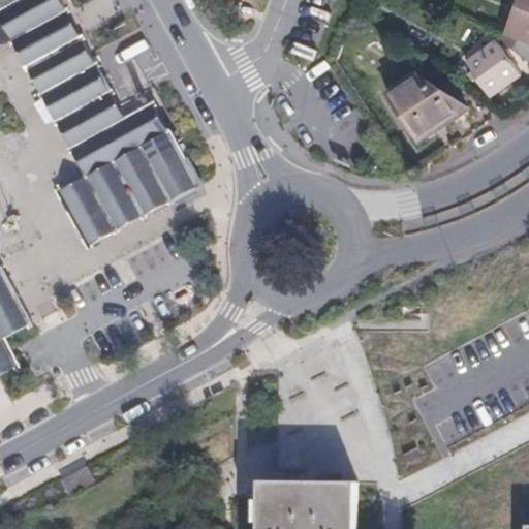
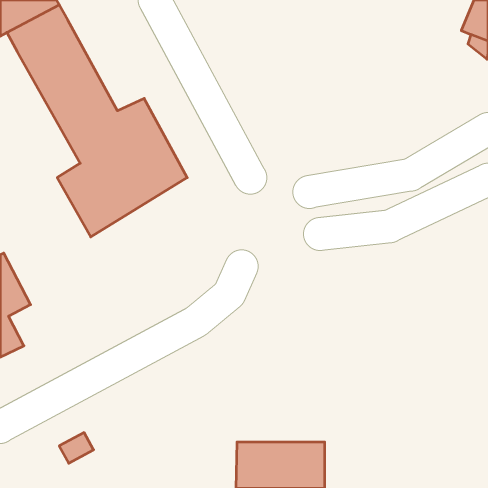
building: [461,42,512,94] -> none
building: [381,72,460,138] -> none

